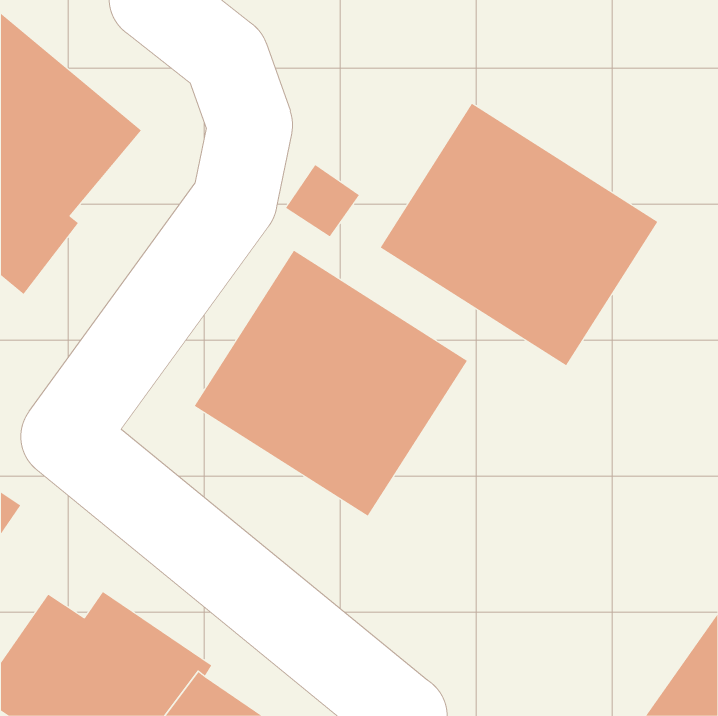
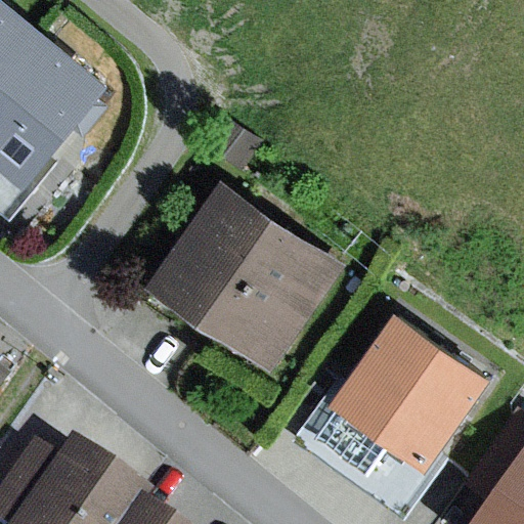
building: [380,103,658,366] -> none
building: none -> [300,318,486,511]

